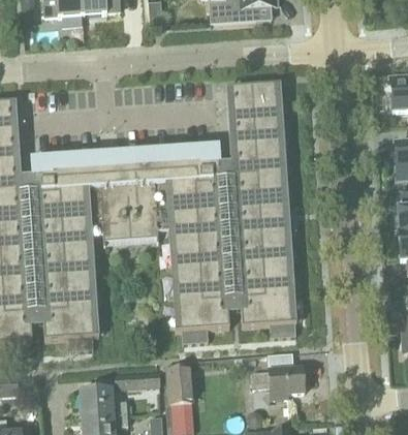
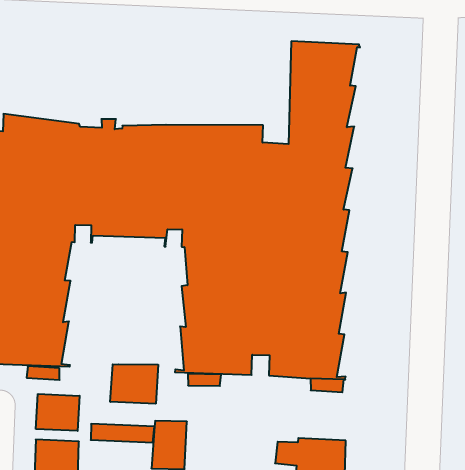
building: none -> [110,364,158,404]
building: none -> [36,394,80,431]

